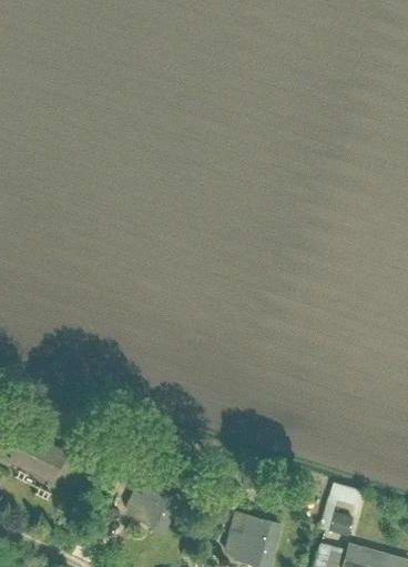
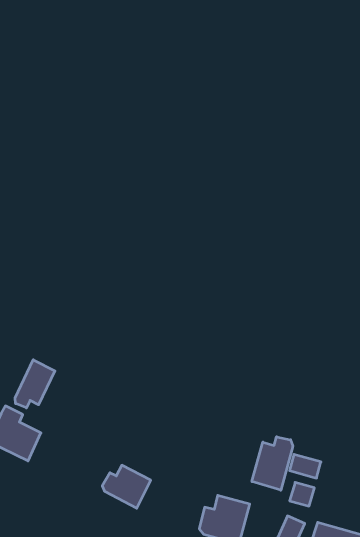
building: none -> [15,360,55,408]
building: none -> [252,437,293,490]

